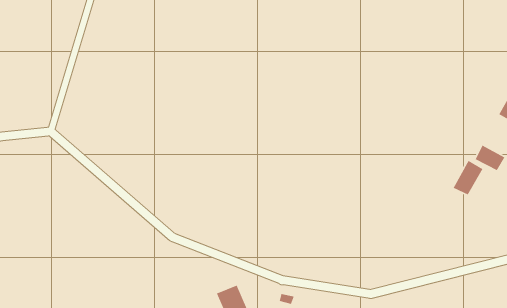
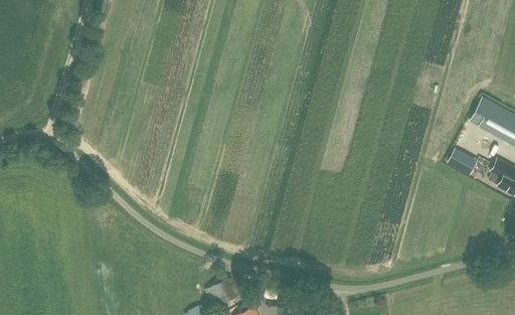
building: [453,160,483,196] -> none

